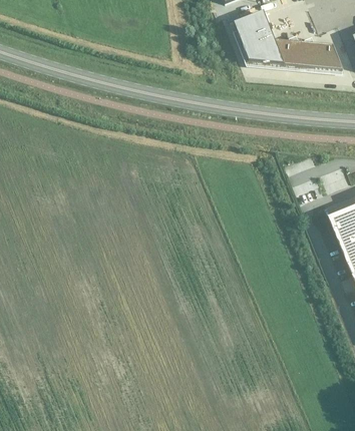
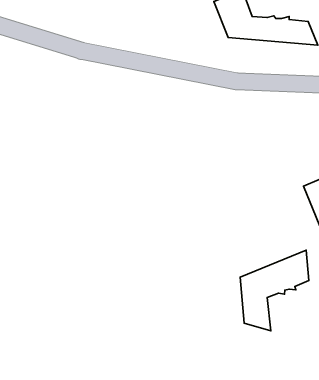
building: none -> [240,250,309,331]

